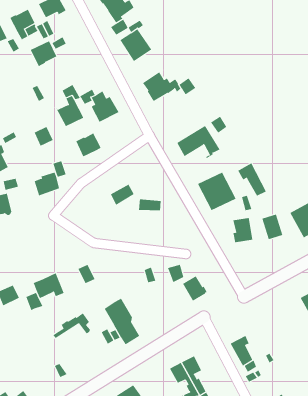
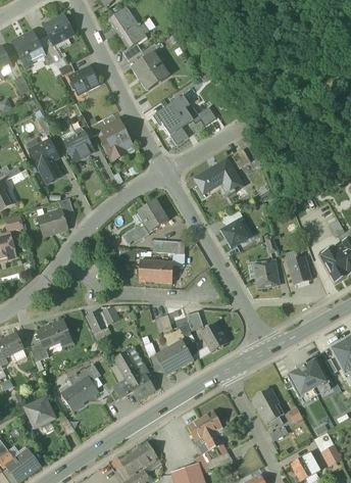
building: [30,41,57,67] -> [69,65,99,94]
building: [75,132,102,157] -> [30,139,58,166]
building: [237,163,267,197] -> none
building: none -> [139,200,167,231]
building: none -> [139,259,173,283]
building: none -> [156,339,193,374]
building: none -> [286,357,330,398]
building: none -> [61,376,98,407]
building: none -> [24,397,55,428]

